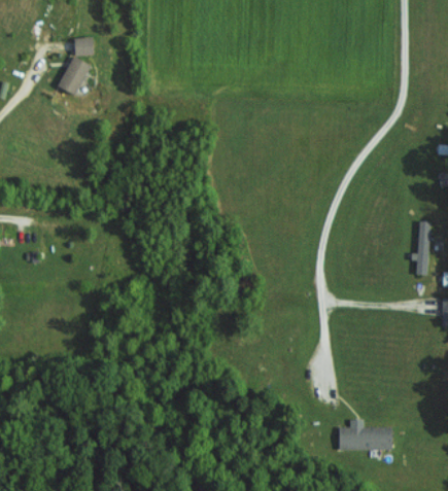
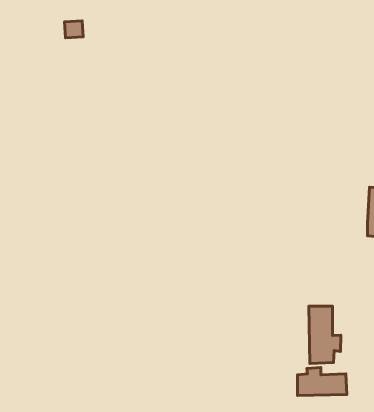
building: [63,56,96,96] -> none
building: none -> [309,306,341,363]

